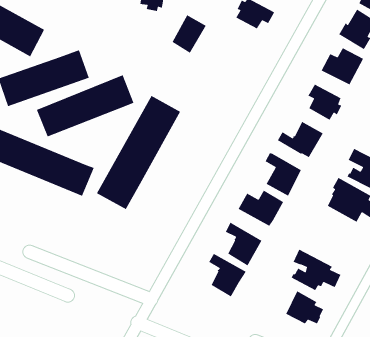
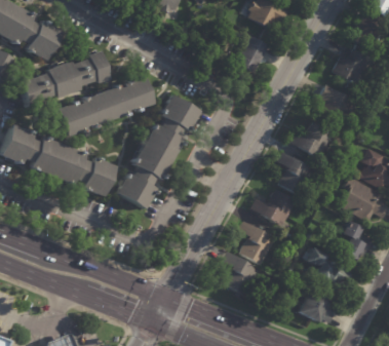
building: [171,14,207,54] -> [235,37,270,76]
building: none -> [342,221,373,261]

